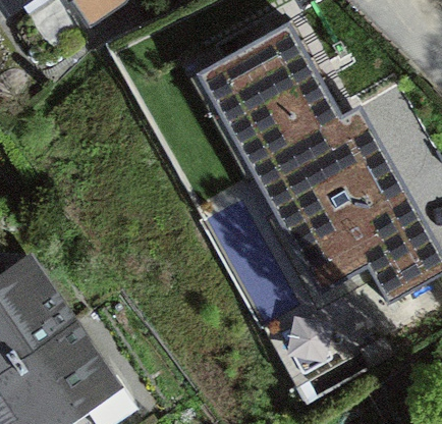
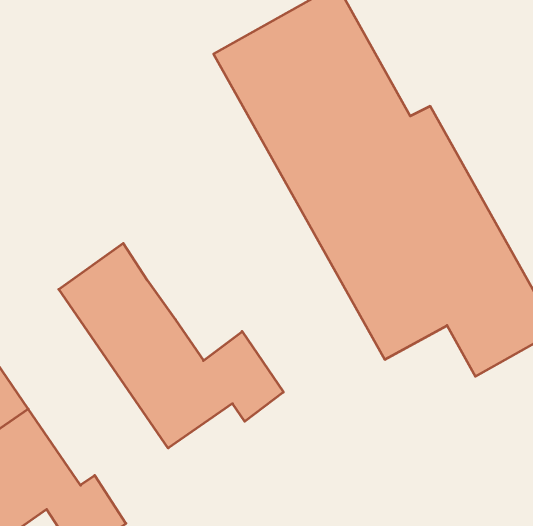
building: none -> [59,243,283,448]

